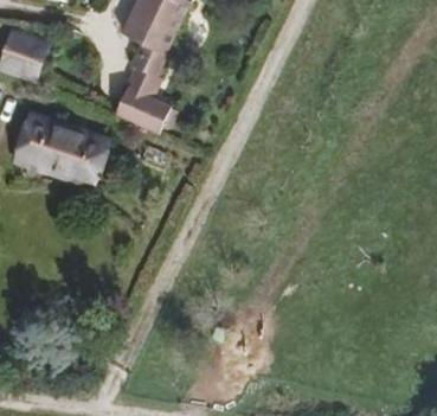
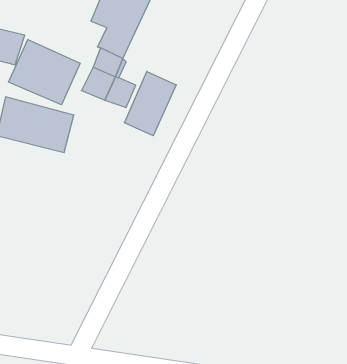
building: none -> [9,39,80,105]
building: none -> [125,71,176,136]

